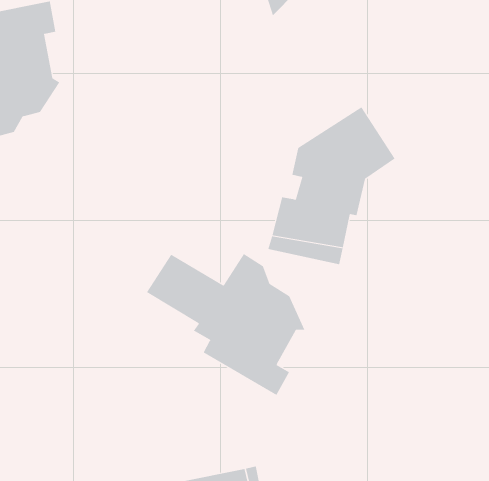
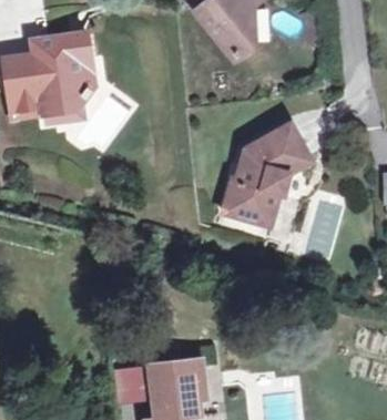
building: [146,253,305,396] -> none

